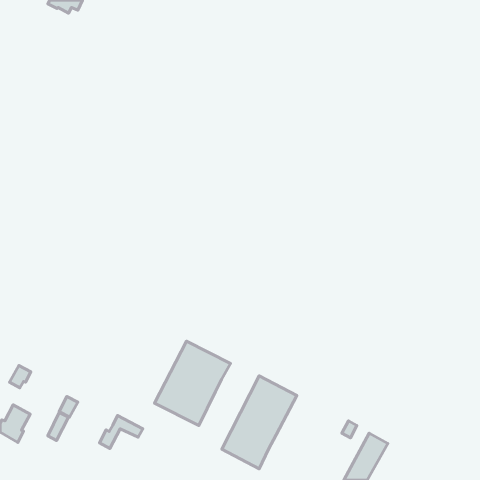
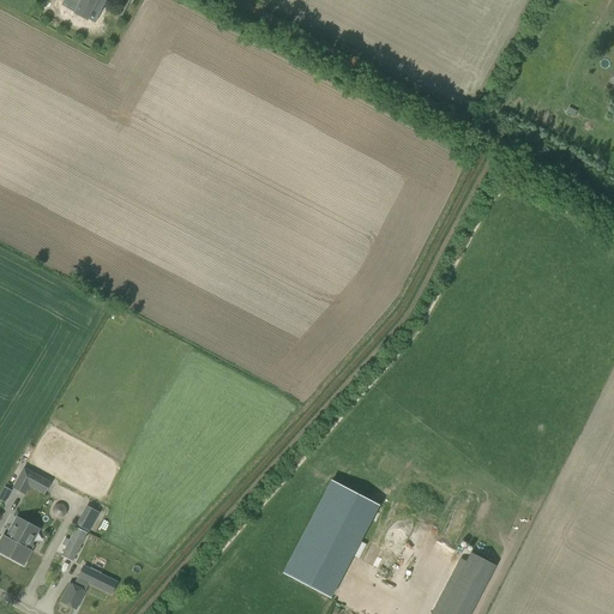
building: [155,341,231,425] -> none
building: [100,416,143,449] -> [61,566,116,608]

